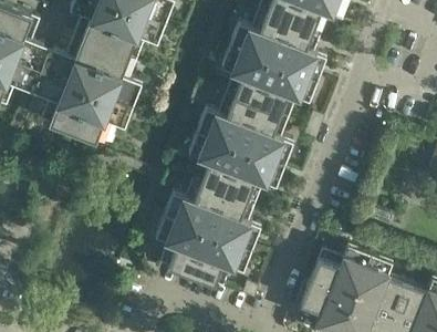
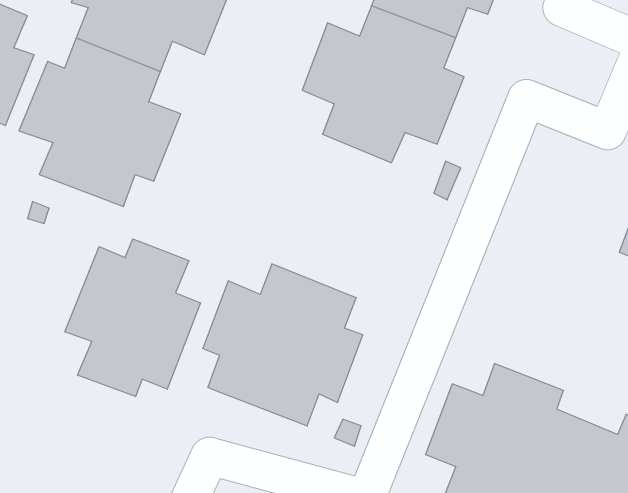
building: [187,96,293,204] -> none
building: none -> [65,239,201,397]

